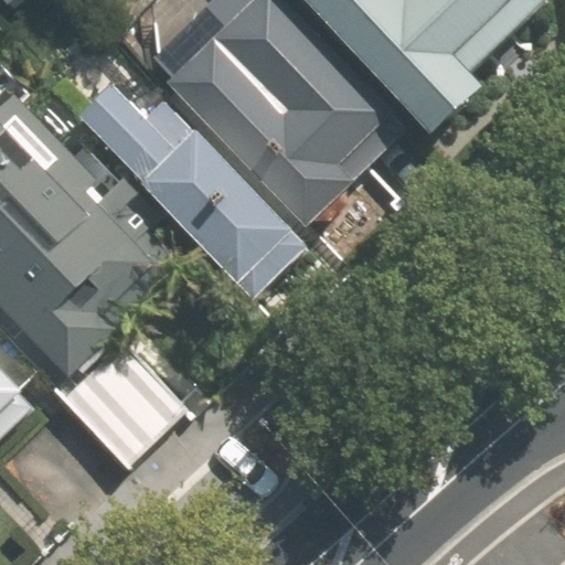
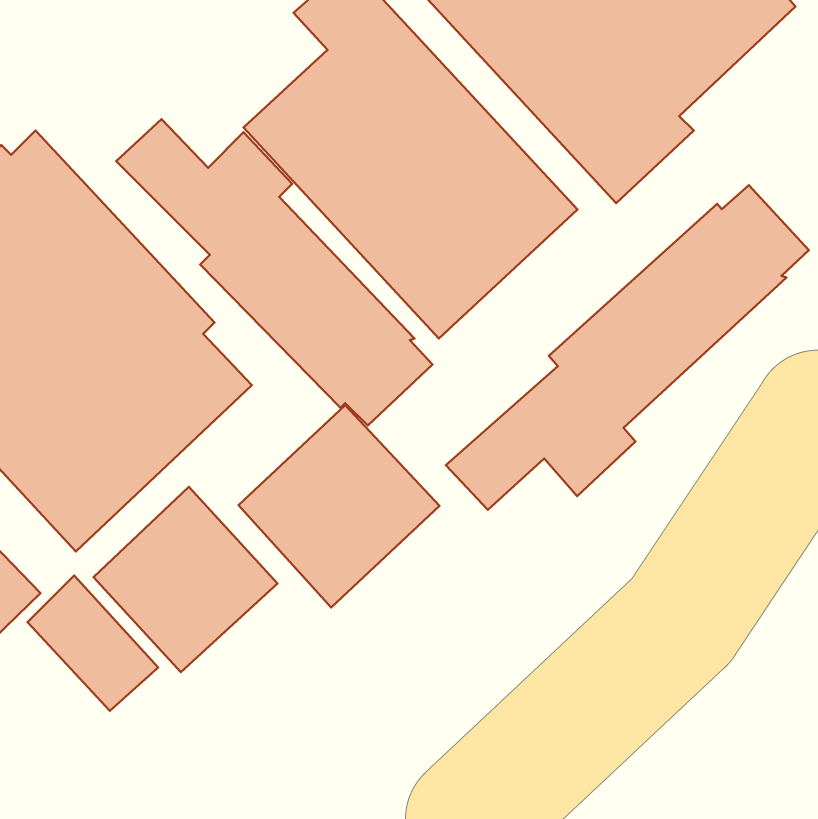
building: none -> [446,185,809,510]
building: none -> [239,405,440,607]

